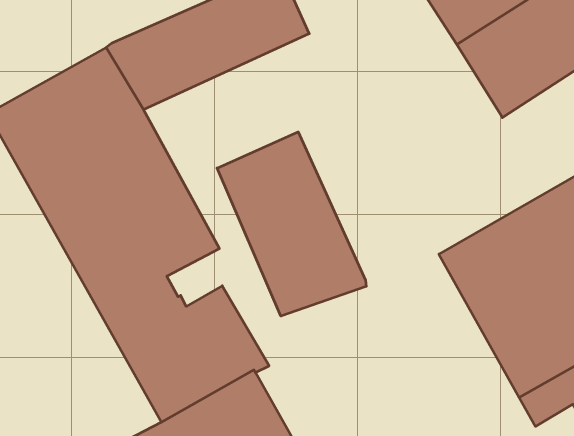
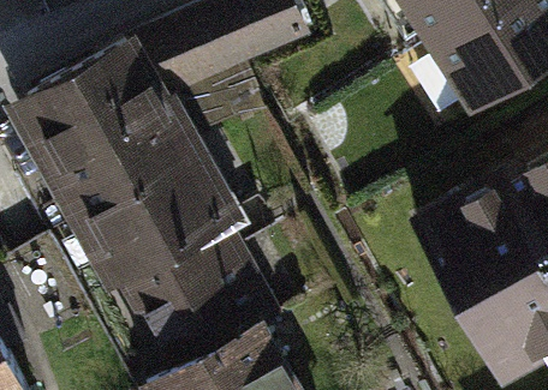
building: [217,132,366,316] -> none

